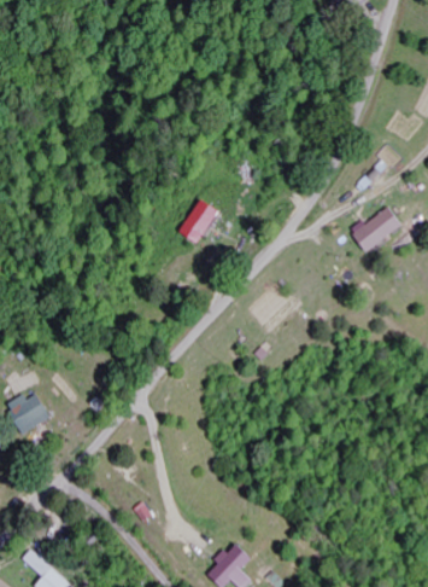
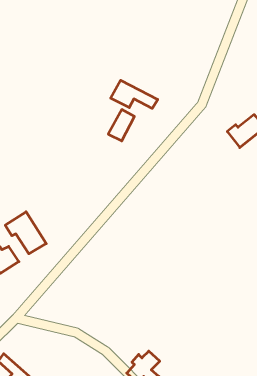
building: none -> [111,80,158,108]
building: none -> [5,212,46,254]

